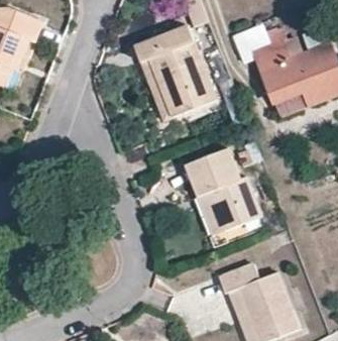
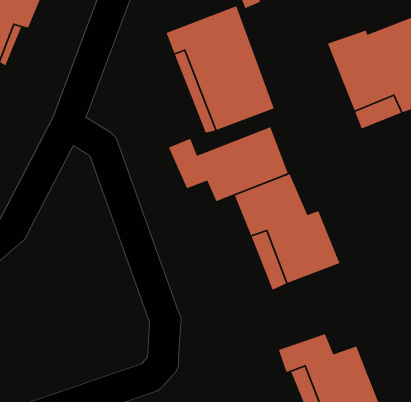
building: none -> [168,126,289,202]

